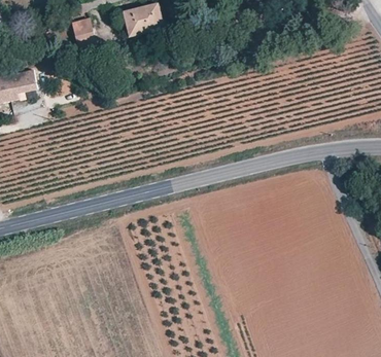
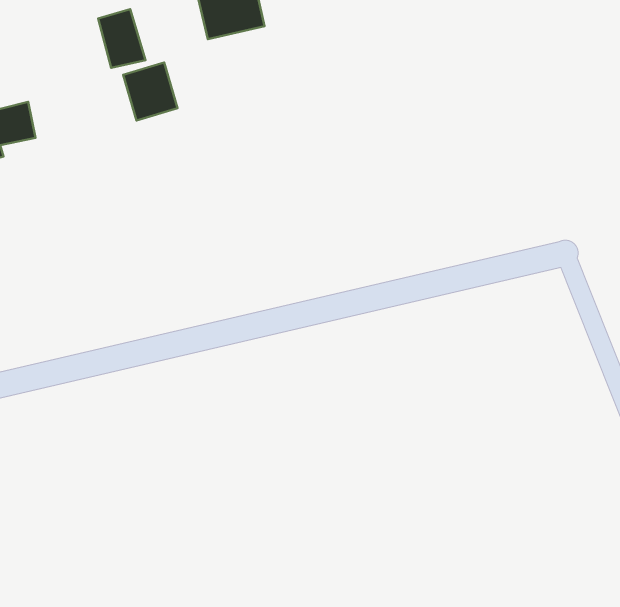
building: none -> [123,63,177,120]

